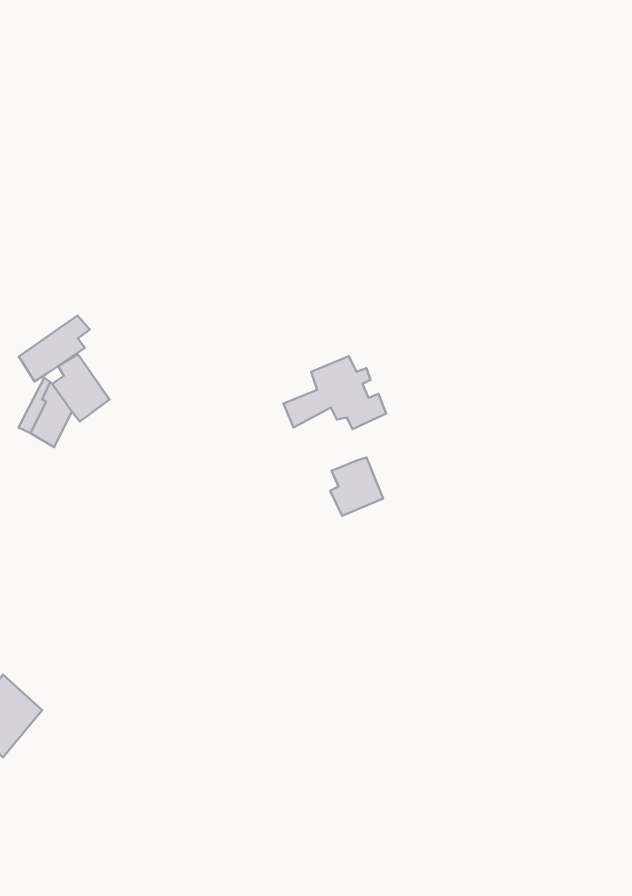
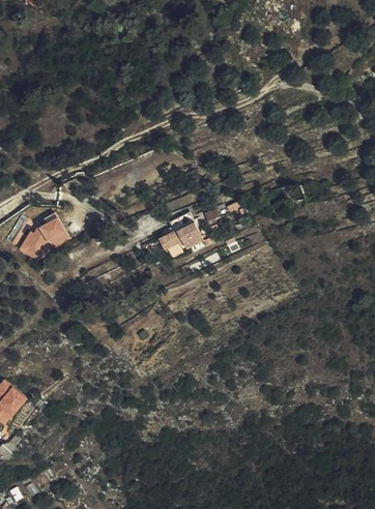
building: [19,316,90,381] -> none
building: [330,458,383,516] -> none

